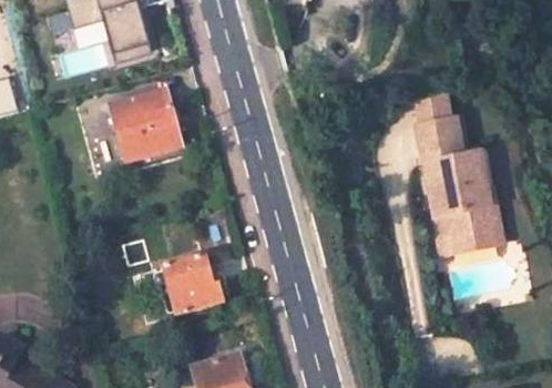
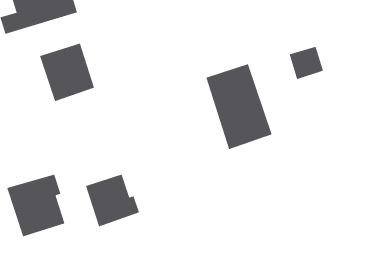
building: [427,146,505,252] -> [205,63,272,150]
building: none -> [6,174,65,237]

